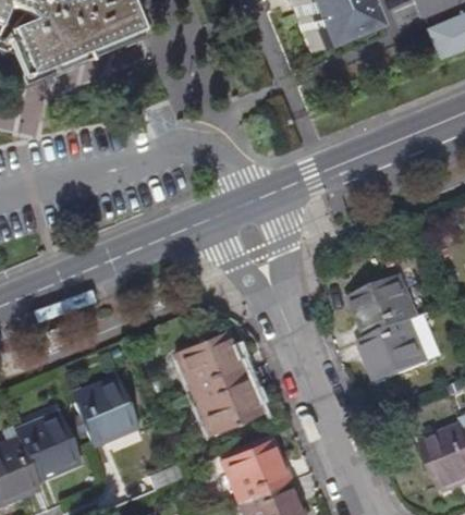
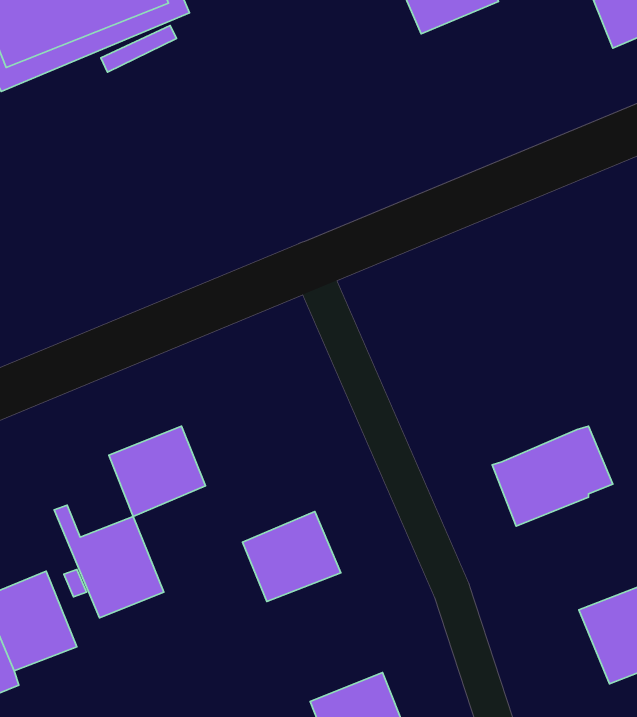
building: [351,274,419,339] -> none
building: [176,332,242,393] -> [109,426,206,516]
building: [221,440,287,501] -> none

